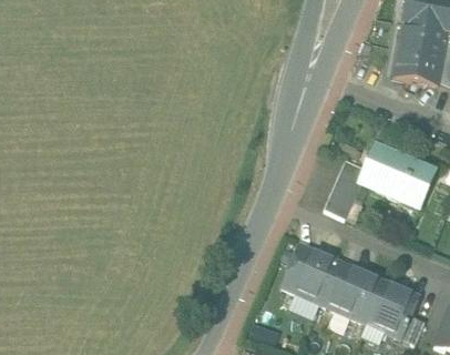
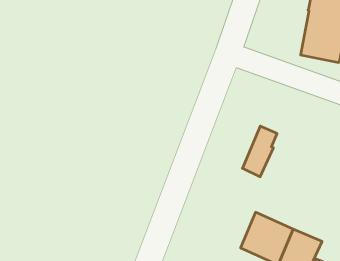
building: [359,148,434,209] -> none
building: [283,244,340,303] -> none

